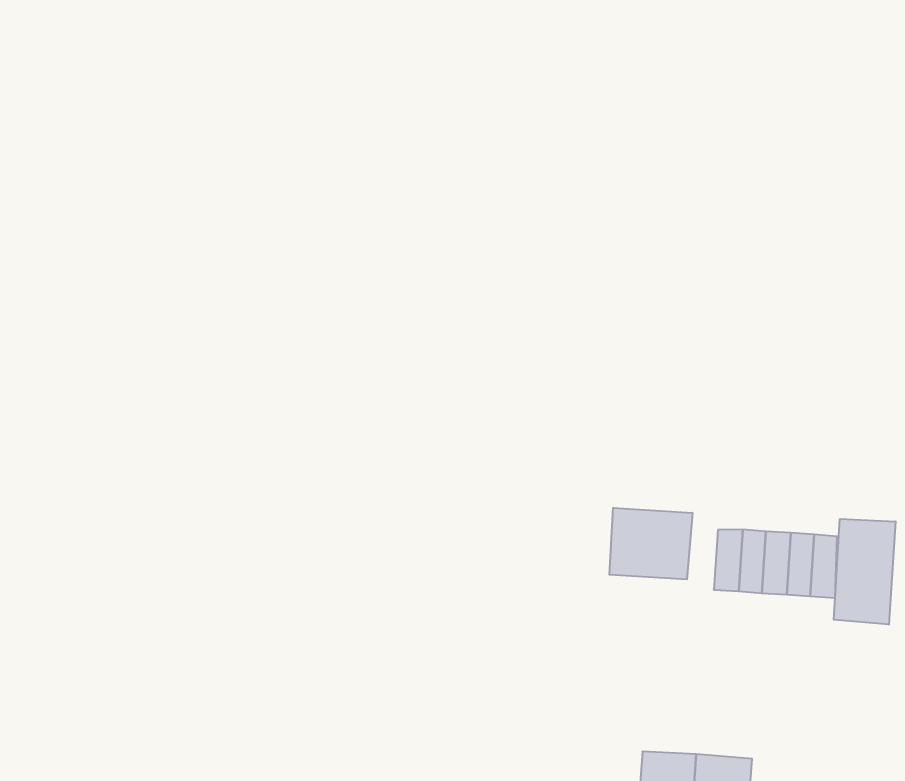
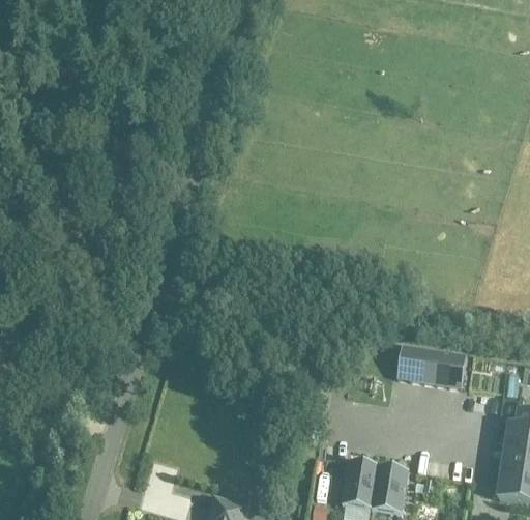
building: [609,508,692,579] -> none
building: [834,519,896,625] -> none

